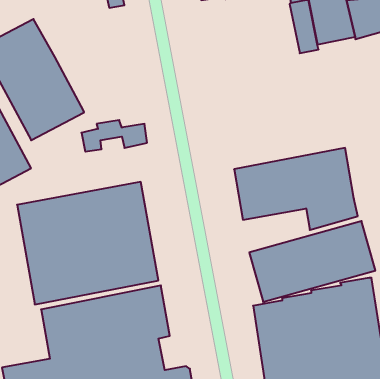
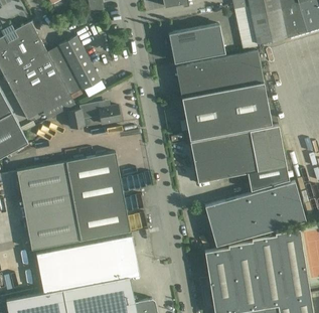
building: none -> [170,24,223,61]
building: none -> [47,35,104,96]
building: none -> [176,50,271,139]

